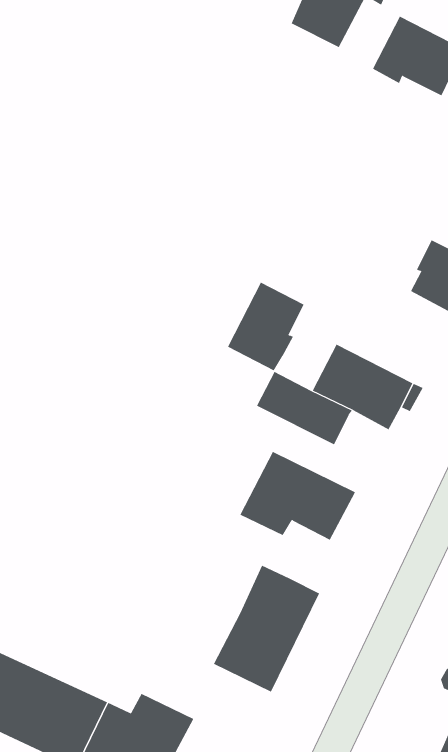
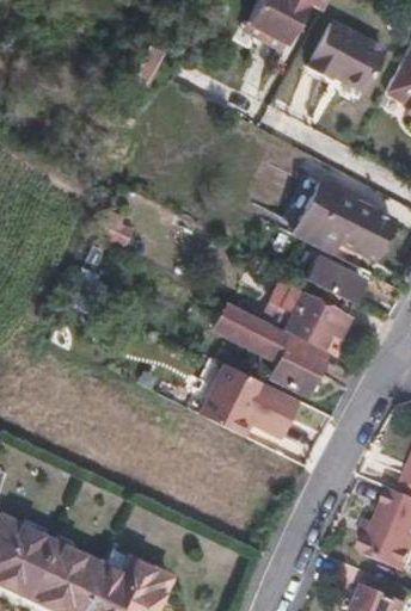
building: [227,282,304,371] -> [294,180,355,251]
building: none -> [305,255,362,301]
building: none -> [271,337,326,393]
building: [213,565,320,692] -> none

